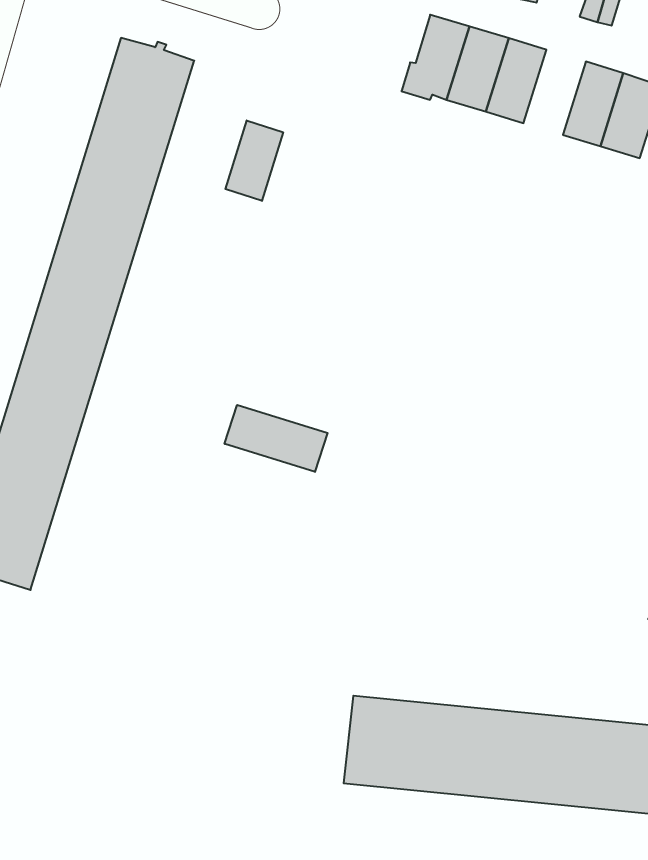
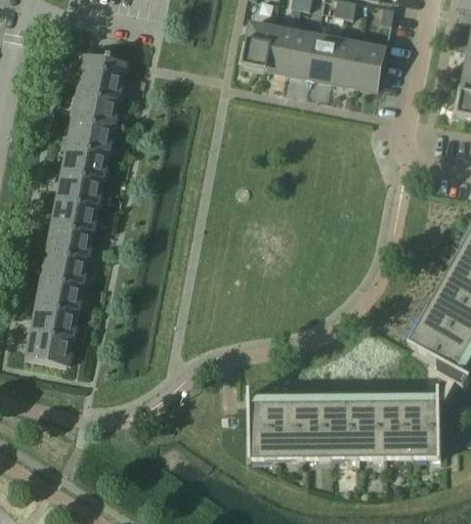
building: none -> [310,34,341,80]
building: [225,120,283,201] -> none
building: [225,405,328,472] -> none

